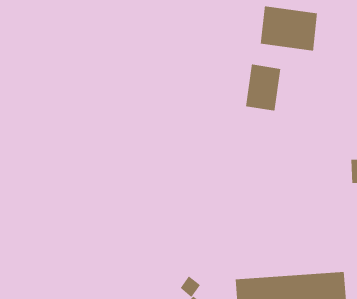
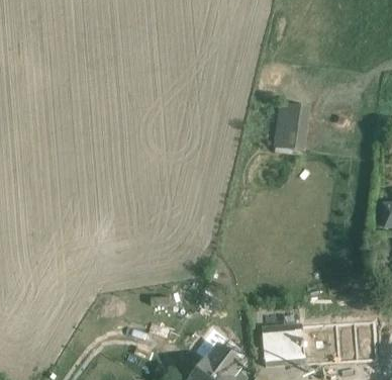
building: [260,6,318,51] -> none

